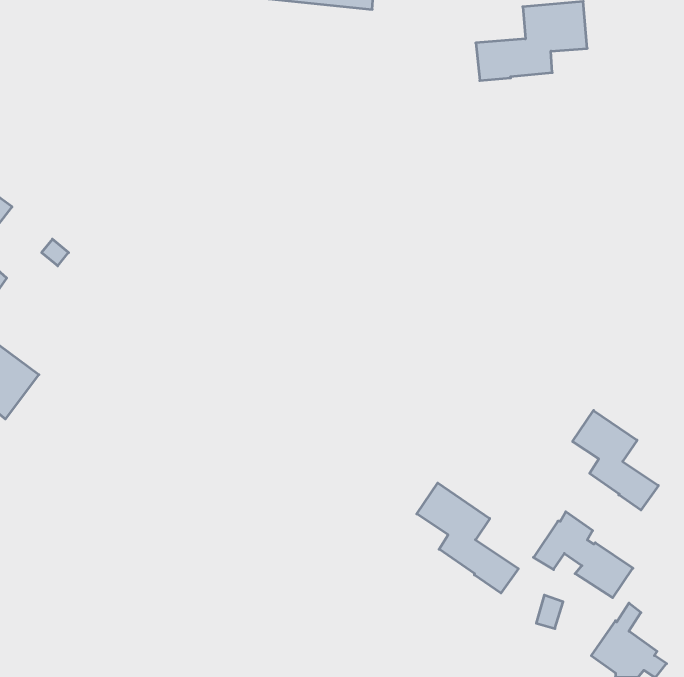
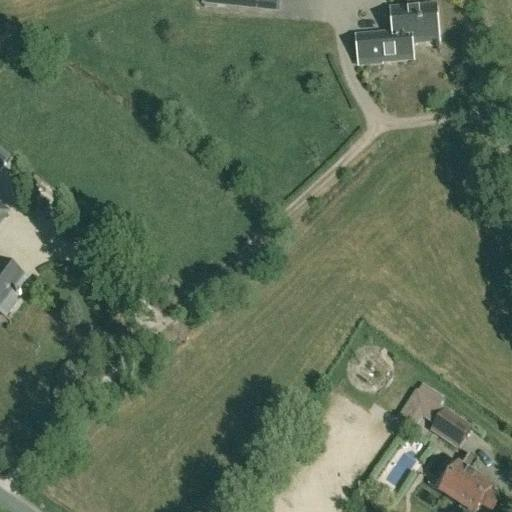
building: [573,410,658,510] -> none
building: [417,483,518,593] -> none

